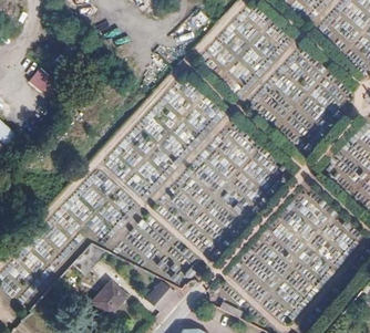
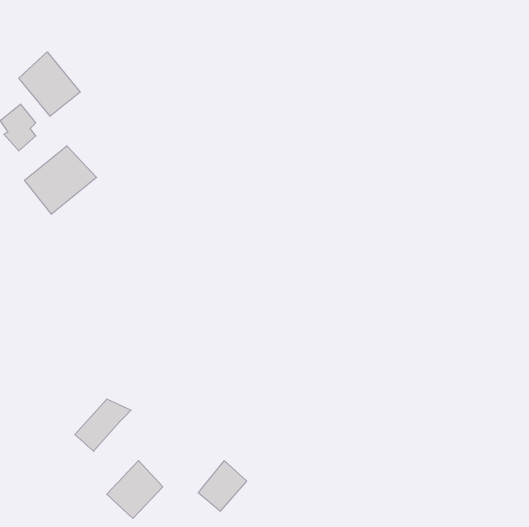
building: none -> [19,52,80,116]
building: none -> [24,146,97,214]

